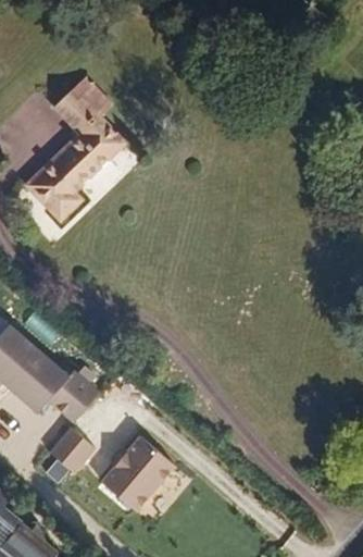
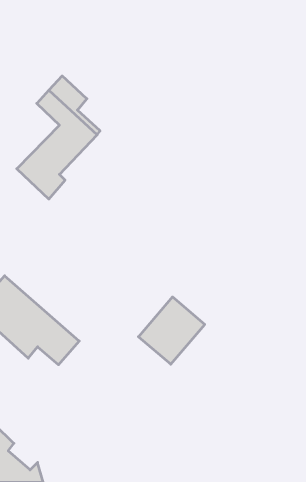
building: [50,425,97,471] -> none
building: [100,434,176,511] -> [138,297,205,364]

